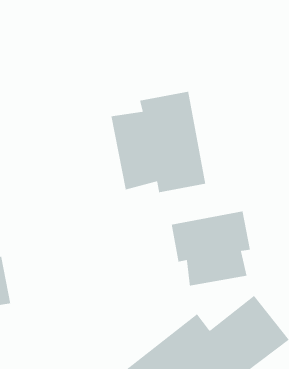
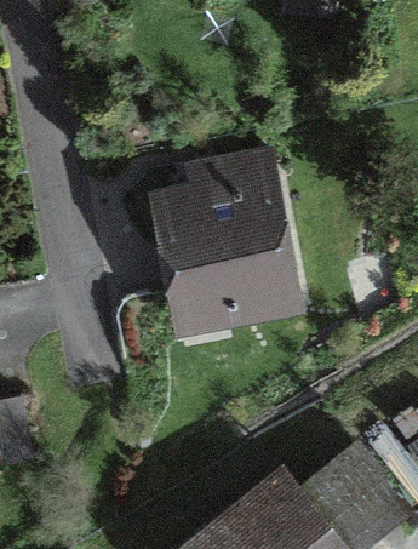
building: [171,210,251,287] -> none

